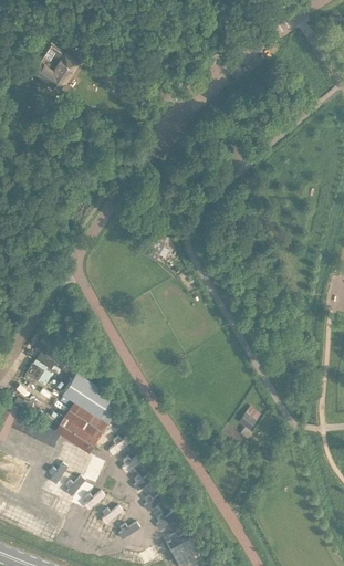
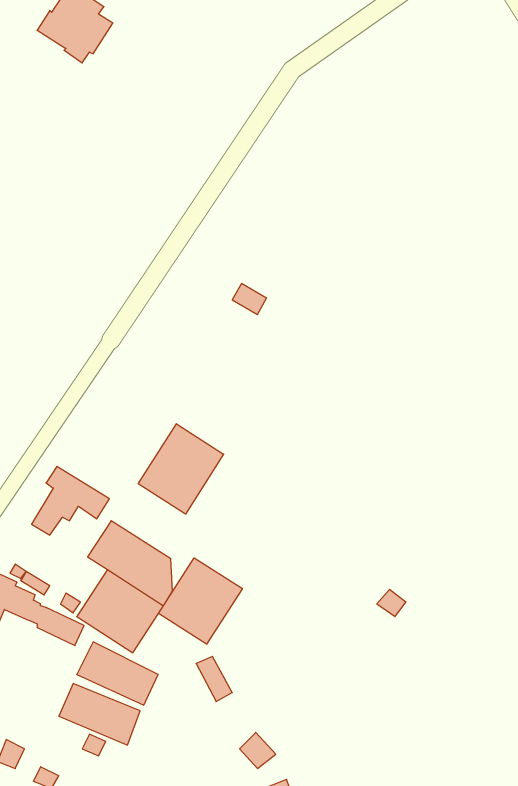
building: none -> [138,424,224,514]
building: none -> [159,558,242,644]

